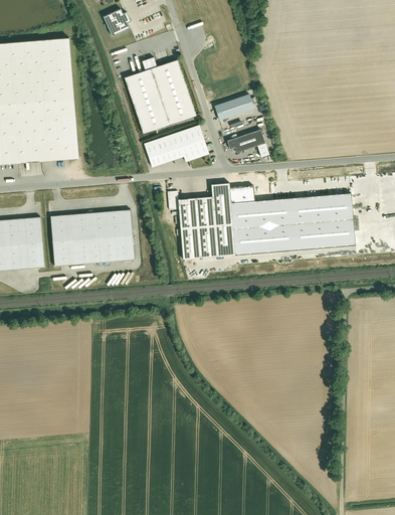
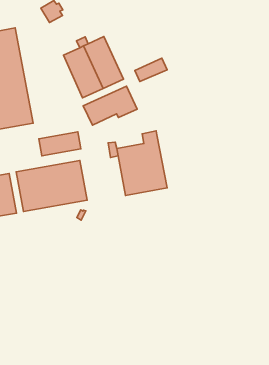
building: [227,130,265,153] -> none
building: none -> [39,132,81,156]
building: [230,186,356,255] -> none

